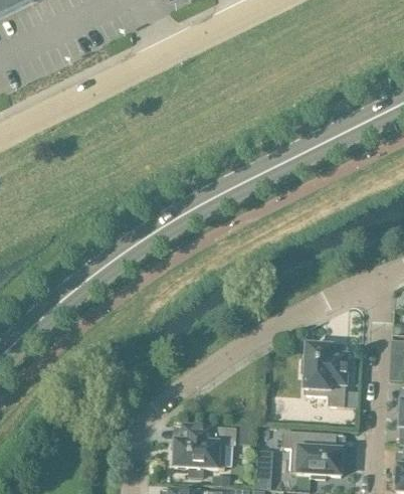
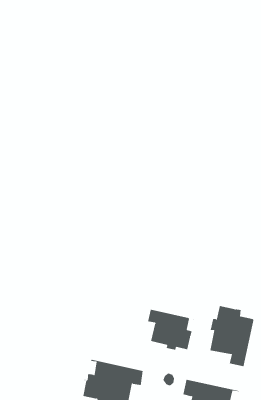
building: none -> [147,309,195,351]

